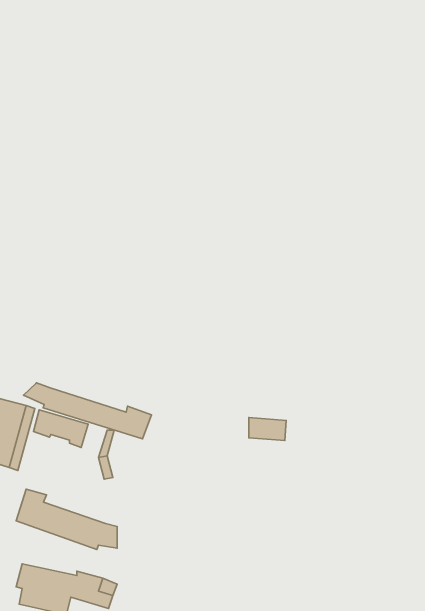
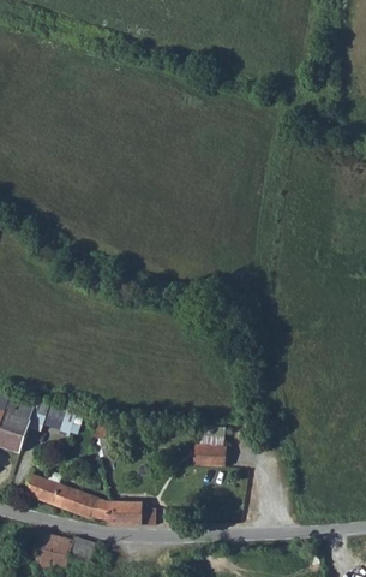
building: [23,383,151,439] -> none
building: [249,418,286,441] -> [192,447,223,466]
building: none -> [107,500,154,524]

